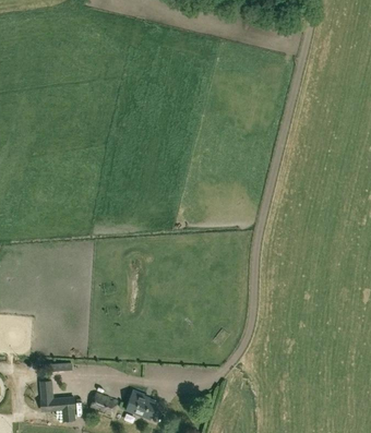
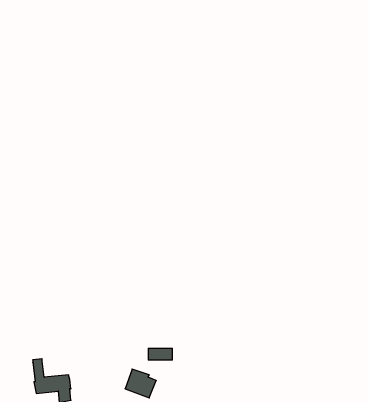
building: [91,393,119,417] -> none

